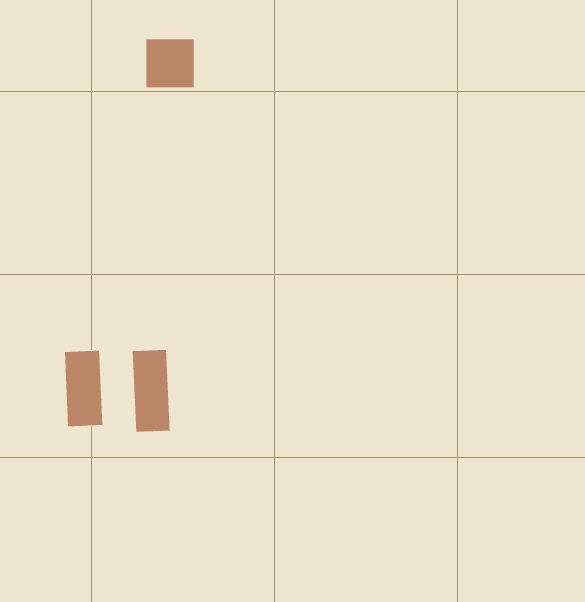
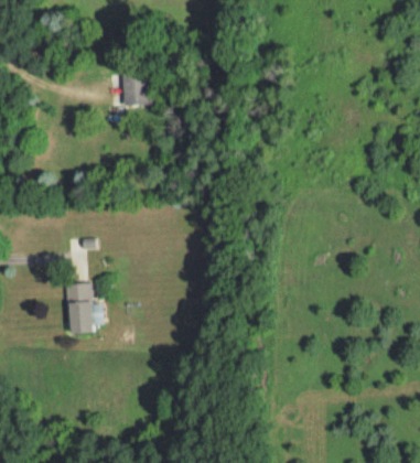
building: [132,349,170,433] -> none

